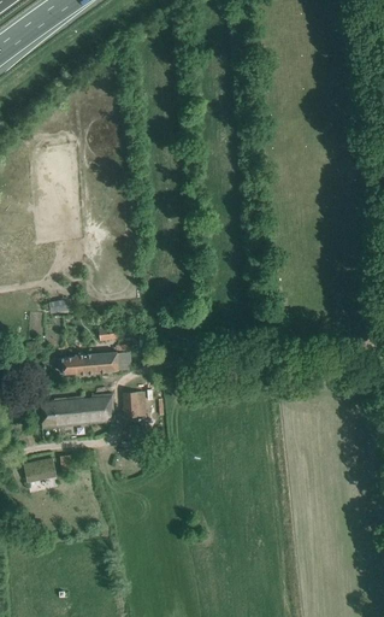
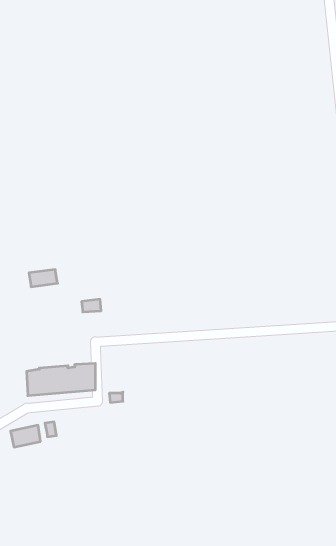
building: [59,345,131,374] -> none
building: [123,392,147,417] -> none

